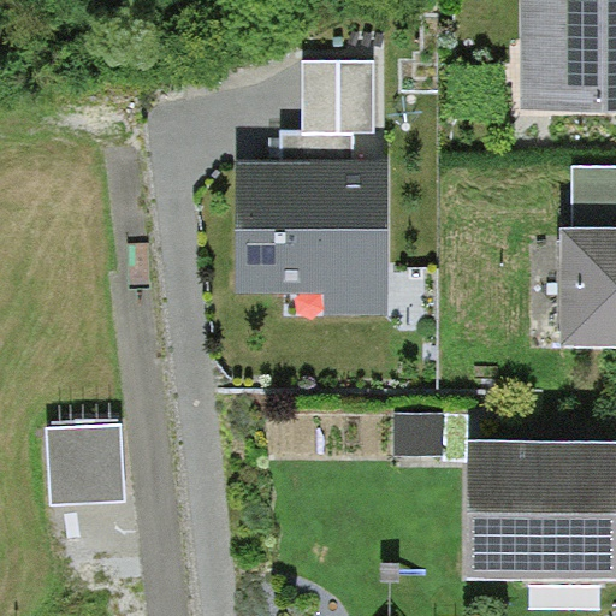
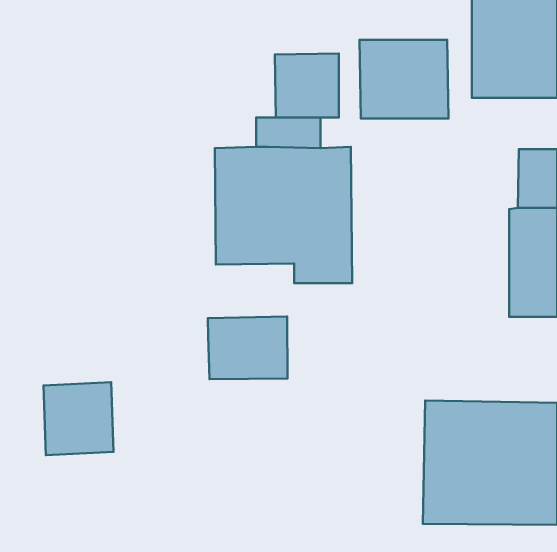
building: none -> [359,40,448,119]
building: none -> [208,317,288,379]

